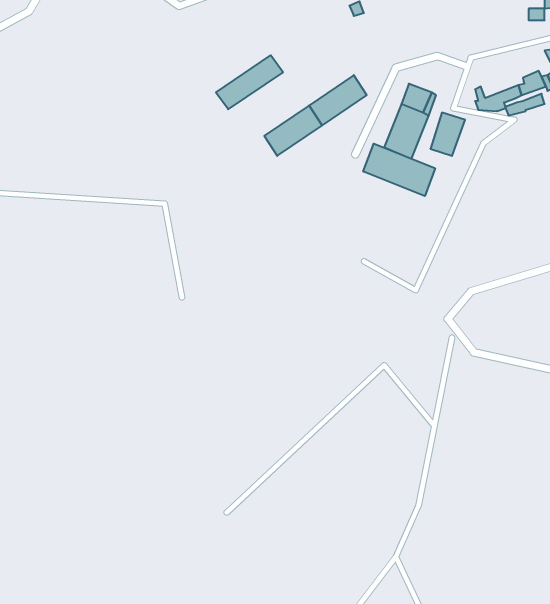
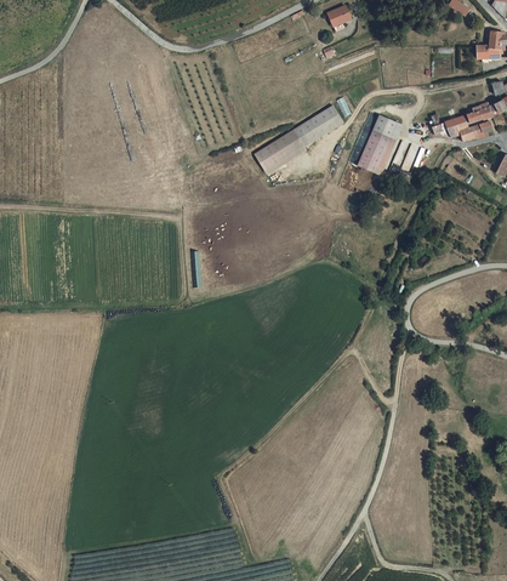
building: [216,55,283,109] -> none
building: [363,144,435,196] -> none

